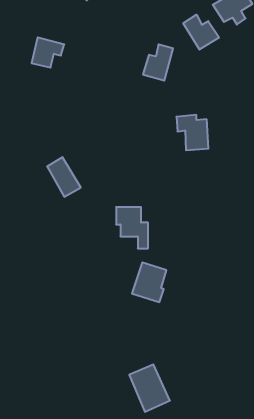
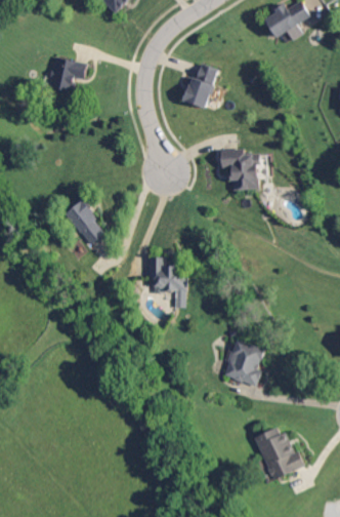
building: [183,15,219,50] -> none
building: [132,262,166,302] -> [222,340,263,387]
building: [129,364,170,412] -> [253,425,301,481]

